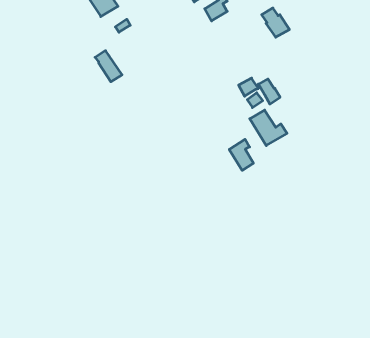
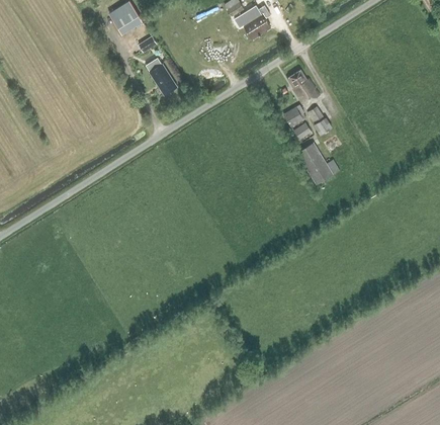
building: [262,8,289,37] -> [286,71,319,105]
building: [95,51,122,82] -> [145,58,176,94]
building: [229,139,253,170] -> none

